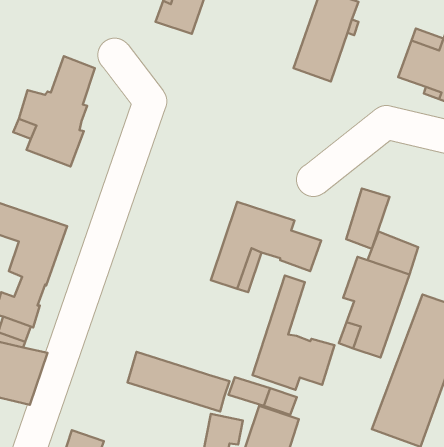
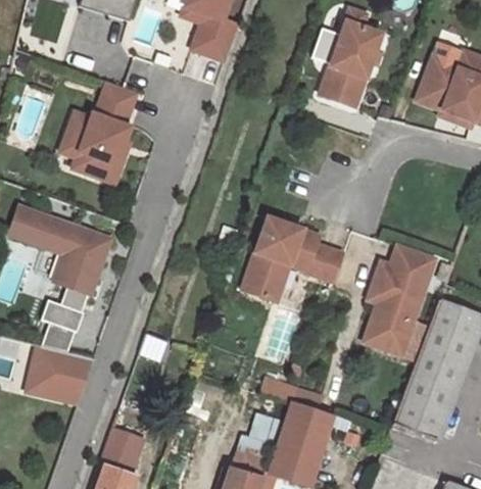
building: [346,189,390,249] -> none
building: [253,276,335,390] -> none
building: [127,352,230,411] -> none

